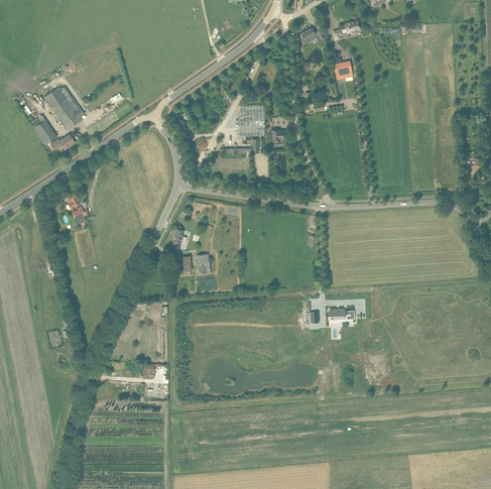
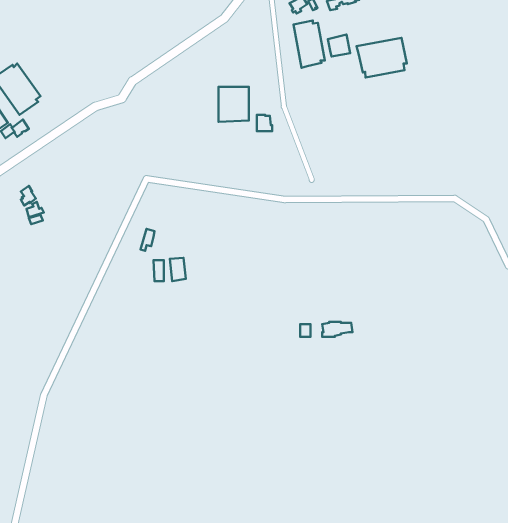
building: none -> [293,20,325,68]
building: none -> [357,38,407,77]

